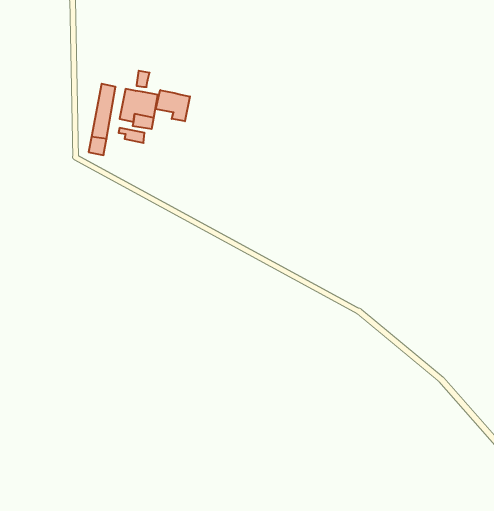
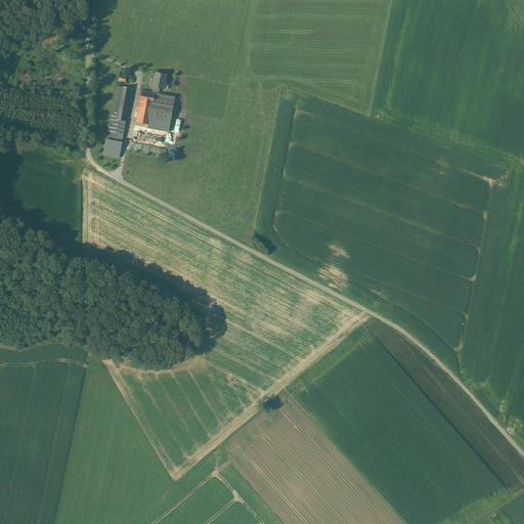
building: [156,90,190,121] -> none

